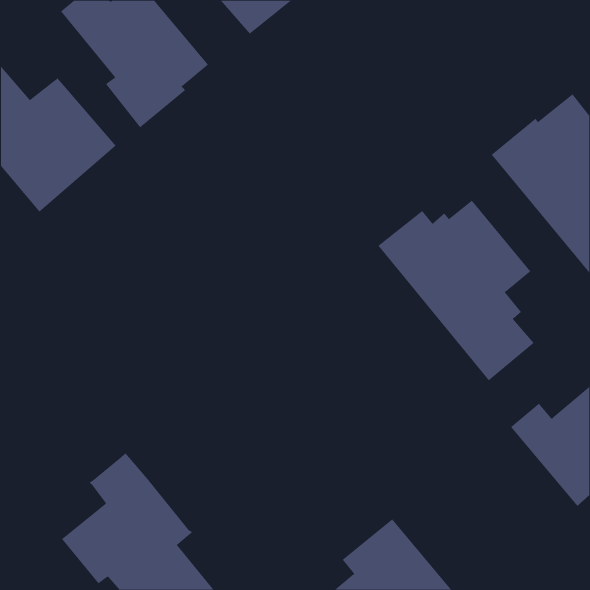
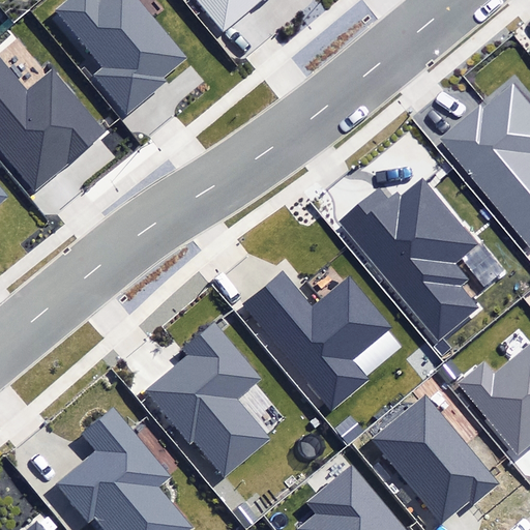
building: none -> [244,272,393,410]
building: none -> [145,322,271,477]
building: none -> [371,394,499,524]

